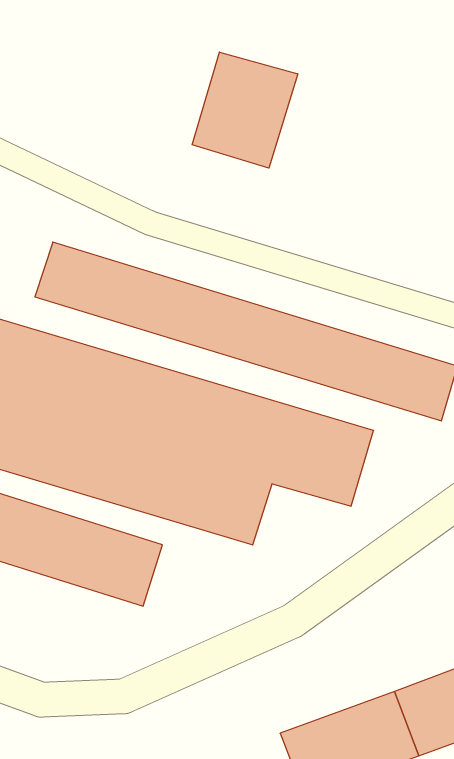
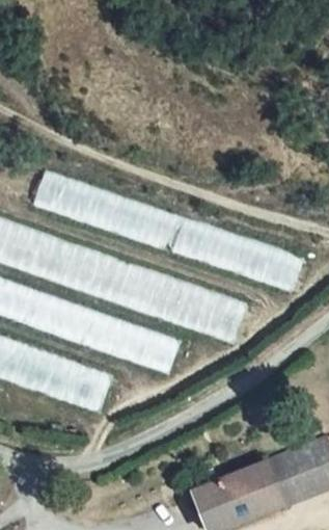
building: [192,52,298,168] -> none

